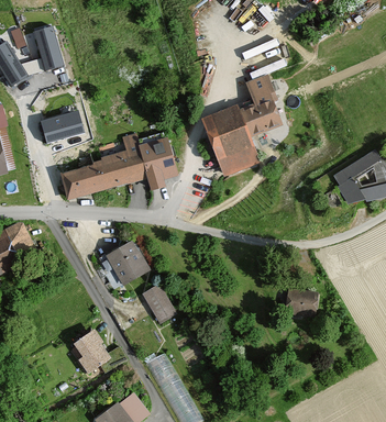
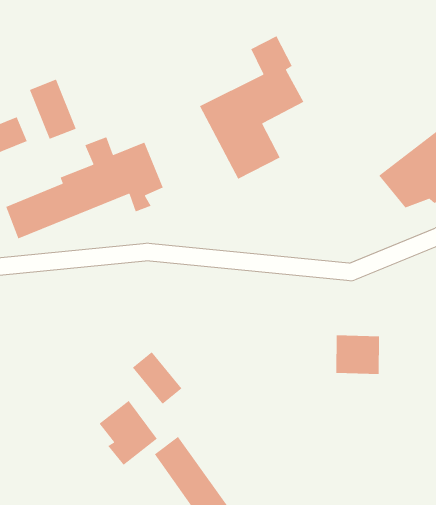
building: none -> [29,79,77,140]
building: [104,242,148,287] -> none
building: [69,329,110,375] -> [99,400,158,466]

